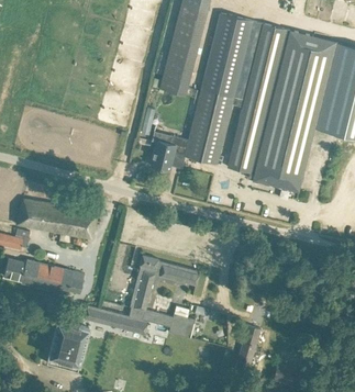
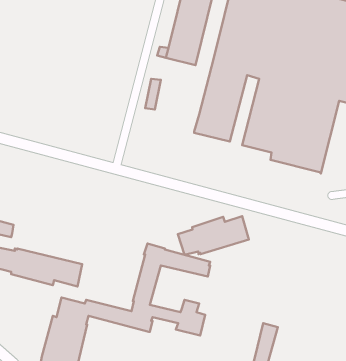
building: [149,135,188,170] -> none
building: [15,198,97,238] -> none
building: none -> [178,216,249,255]

